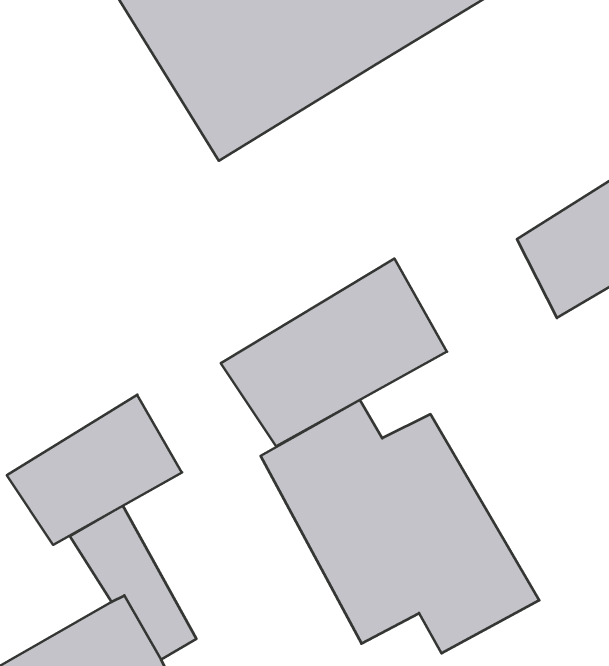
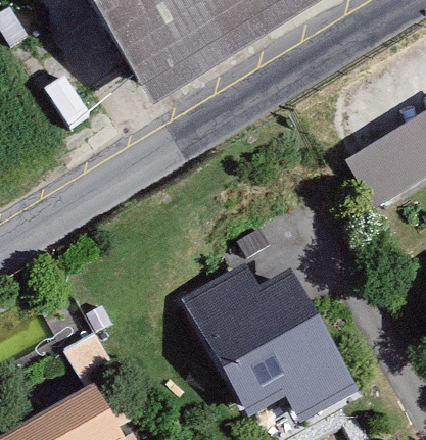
building: [221,259,447,446] -> none
building: [7,395,182,545] -> none

